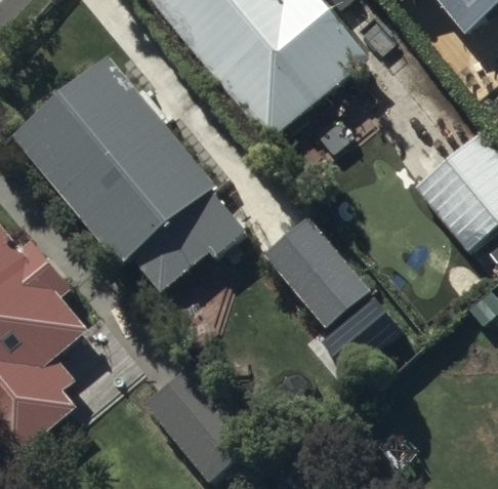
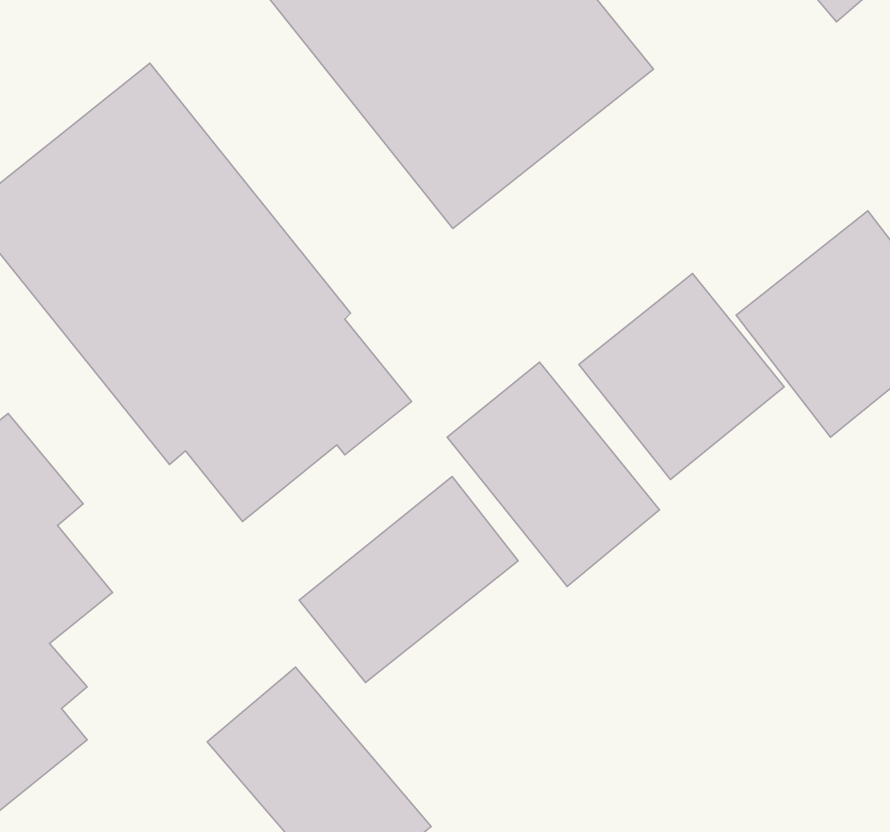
building: none -> [579,273,784,480]
building: none -> [299,477,518,683]

